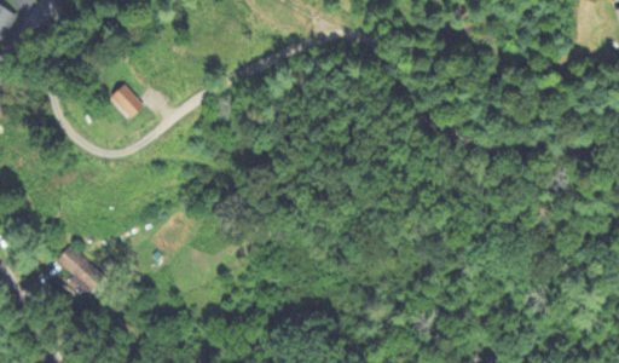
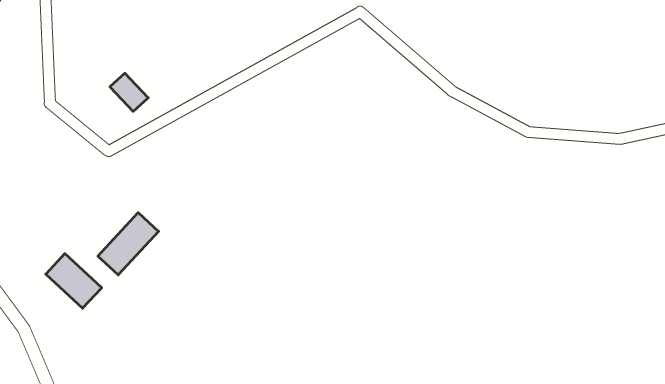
building: none -> [98,213,159,275]

